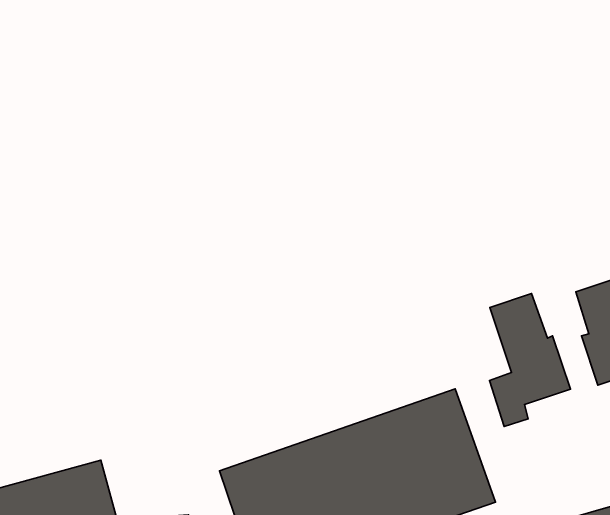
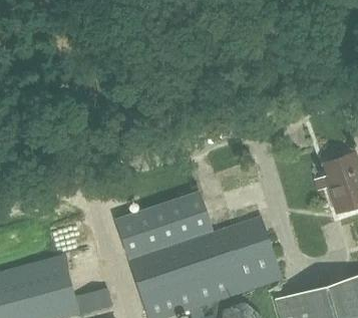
building: [489,294,570,426] -> none
building: none -> [115,191,212,258]

